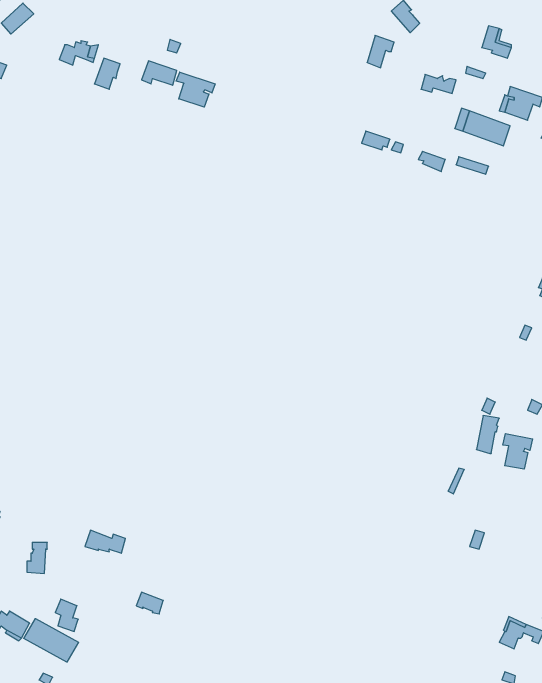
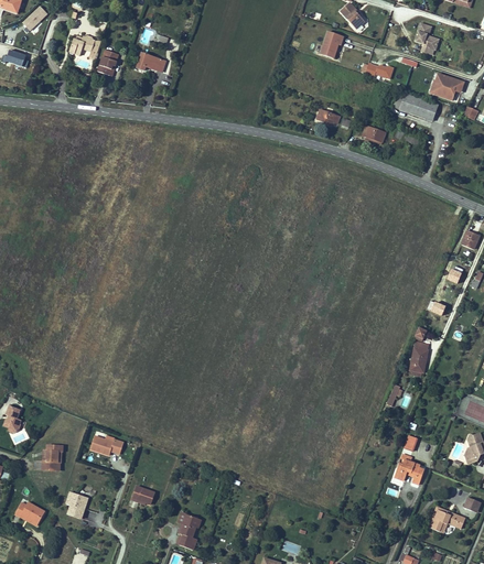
building: [176,72,215,107] -> none
building: [503,434,533,469] -> none
building: none -> [394,454,423,484]
building: [24,619,79,662] -> none
building: none -> [179,511,200,550]

